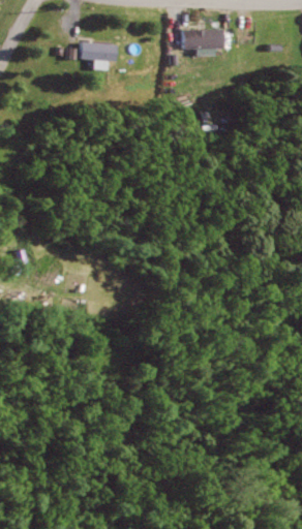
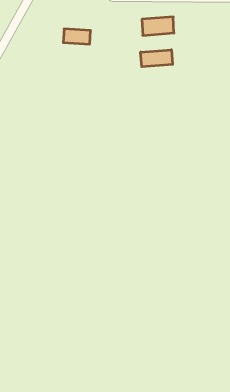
building: none -> [141,50,173,67]

